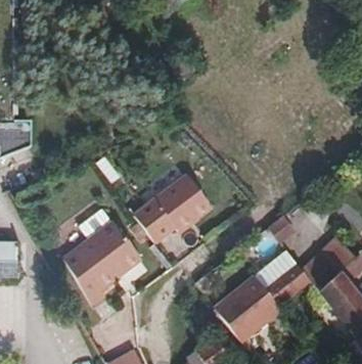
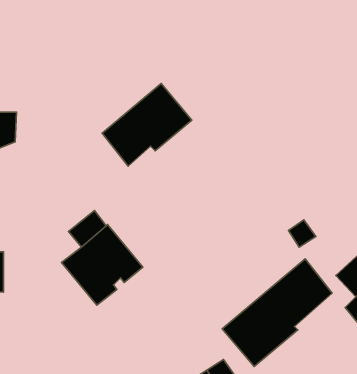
building: [132,171,210,242] -> [102,83,192,166]

